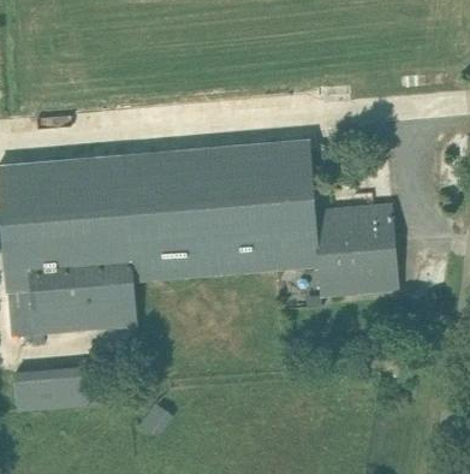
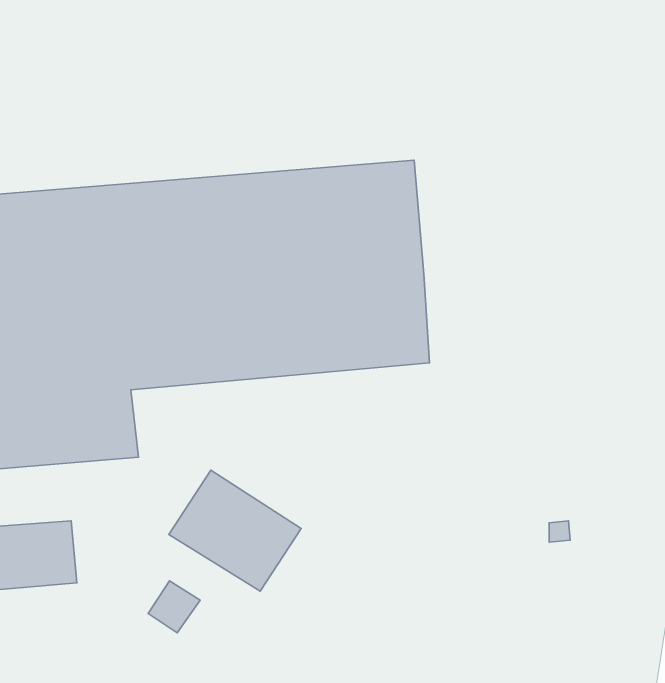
building: [313,205,397,297] -> none
building: none -> [169,470,301,591]

